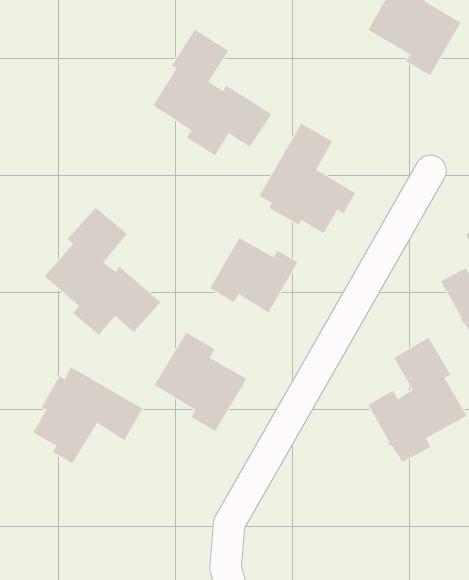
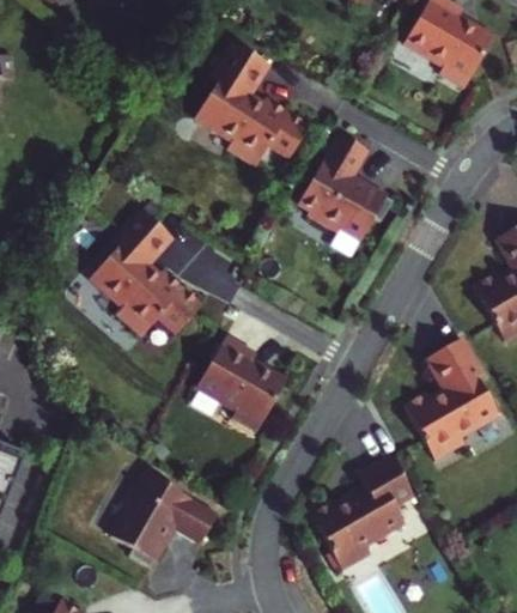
building: [210,237,298,313] -> none
building: [32,367,143,464] -> [110,473,218,568]
building: none -> [309,456,412,569]

